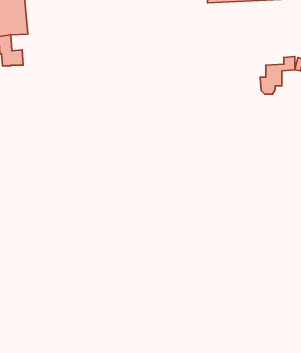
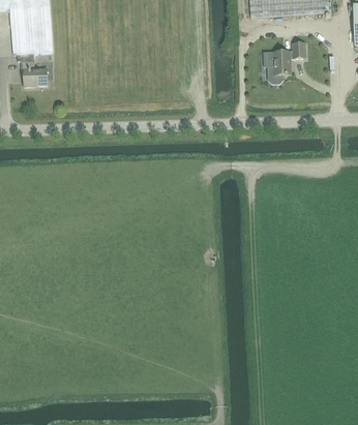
building: [260,57,295,94] -> [266,42,304,84]

